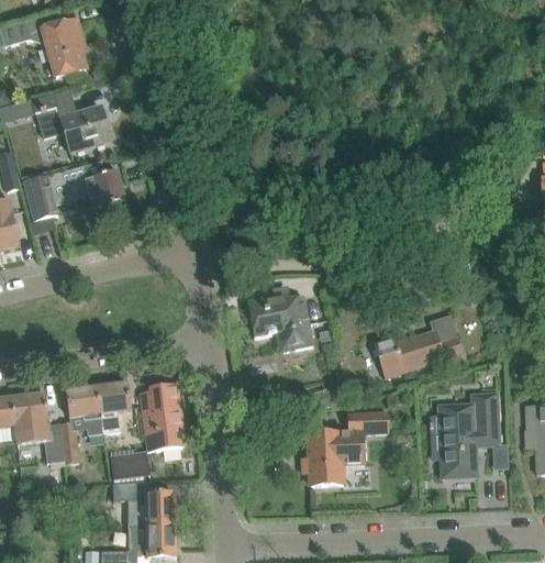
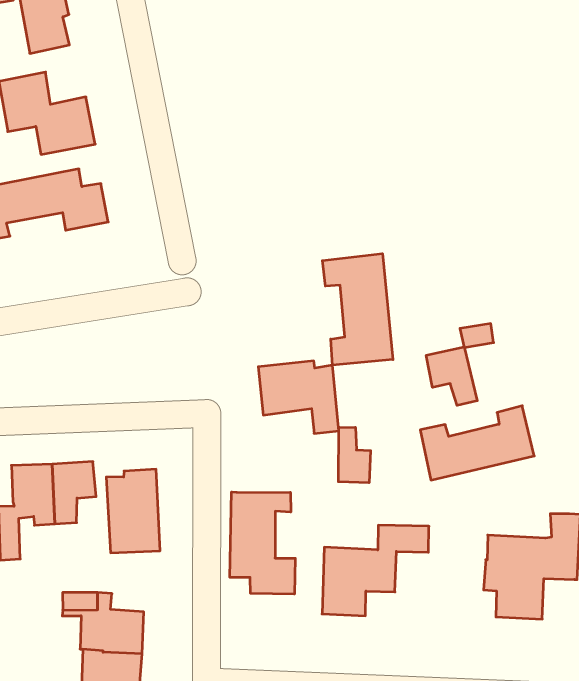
building: none -> [322,254,393,365]
building: none -> [426,347,477,405]
building: none -> [338,427,371,483]
building: none -> [230,492,295,594]
building: [110,451,149,479] -> none

